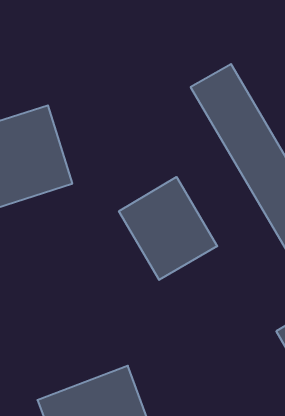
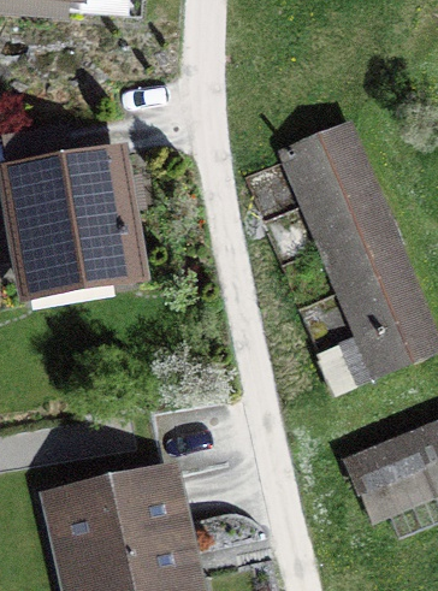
building: [119,177,217,280] -> none

